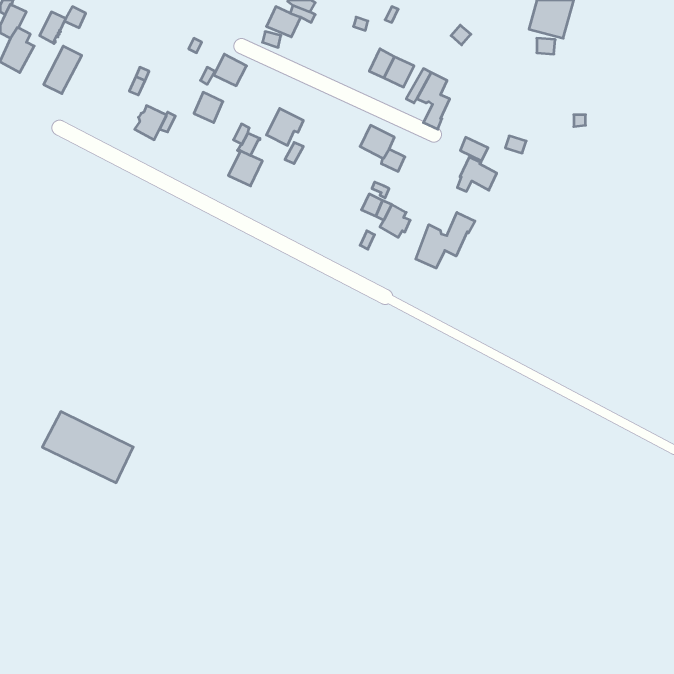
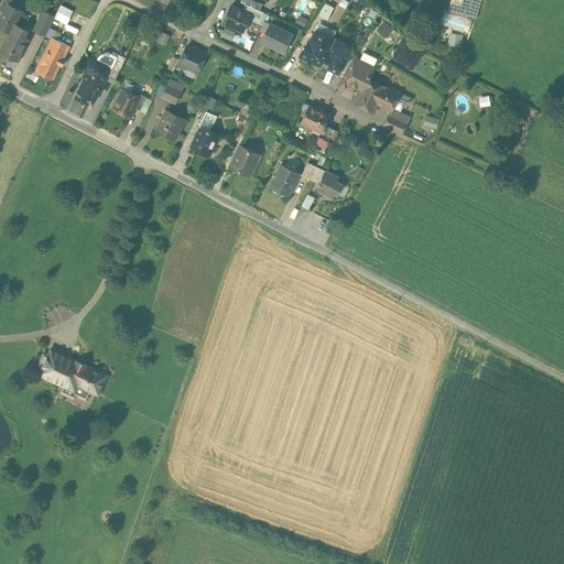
building: none -> [262,24,292,51]
building: none -> [78,59,106,100]
building: [266,108,303,145] -> [230,144,261,175]
building: none -> [156,109,185,140]
building: [457,157,497,191] -> [366,83,399,111]
building: none -> [270,164,300,195]
building: [416,212,475,268] -> none

